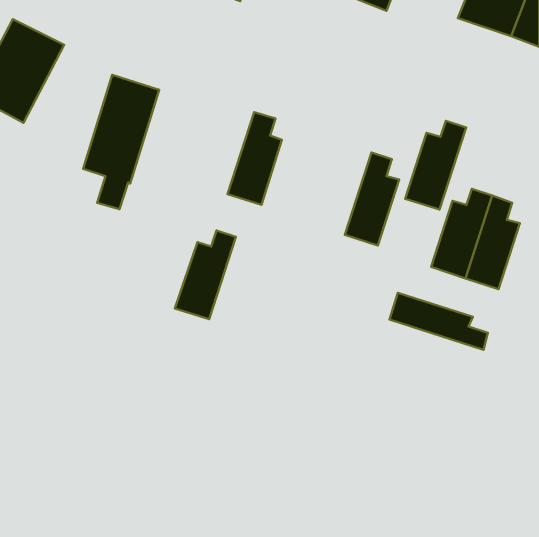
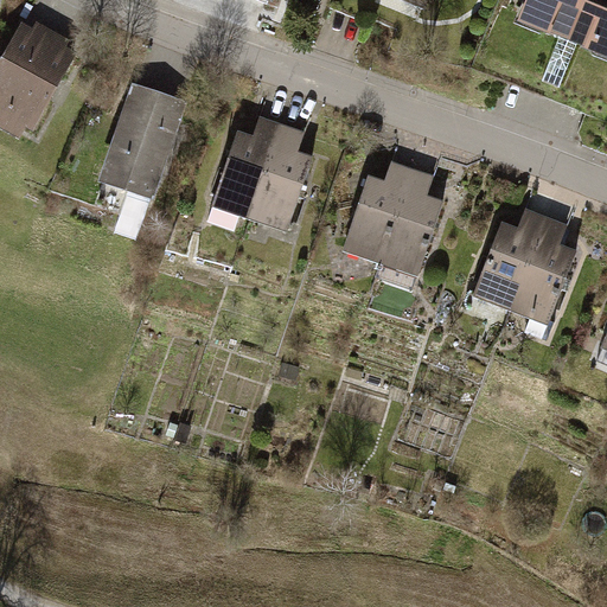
building: [405,121,466,210] -> [345,162,413,261]
building: [175,231,236,319] -> [215,117,282,216]
building: [389,293,488,350] -> none

